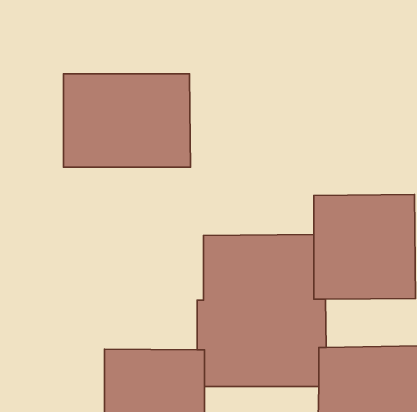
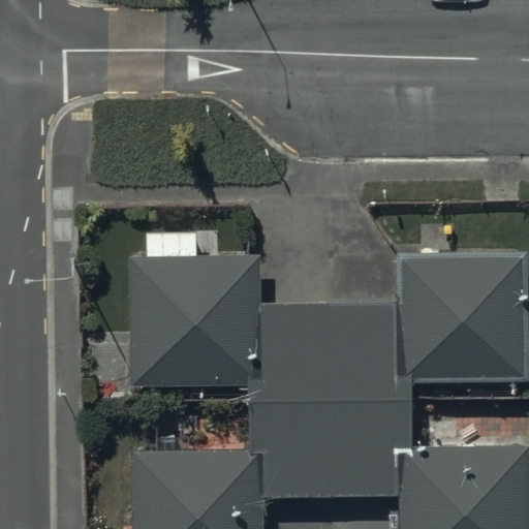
building: [63,74,190,167] -> none
building: none -> [130,254,258,386]

